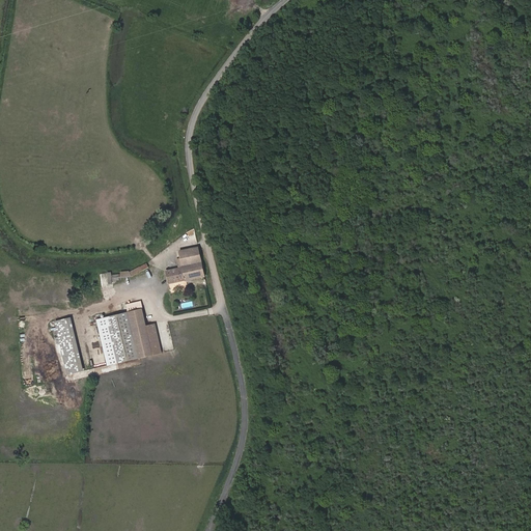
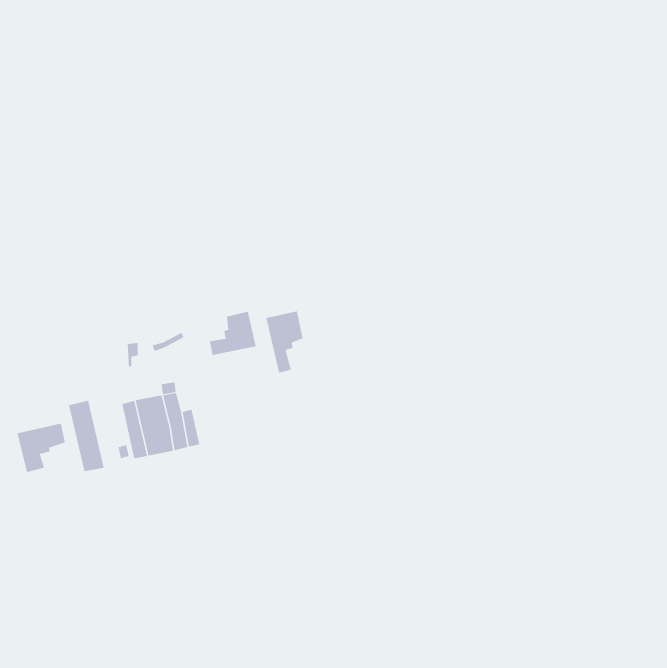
building: none -> [266,311,303,374]
building: none -> [17,423,66,473]

